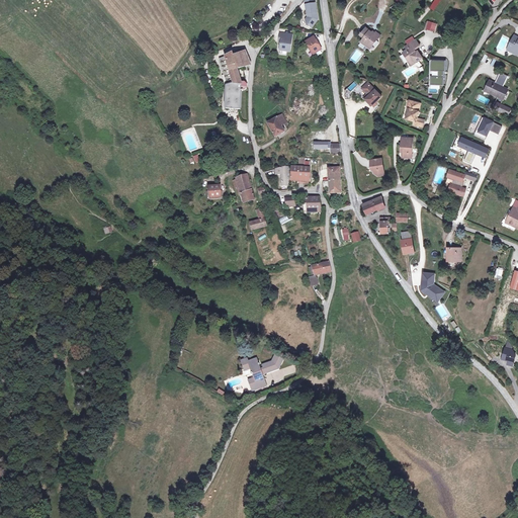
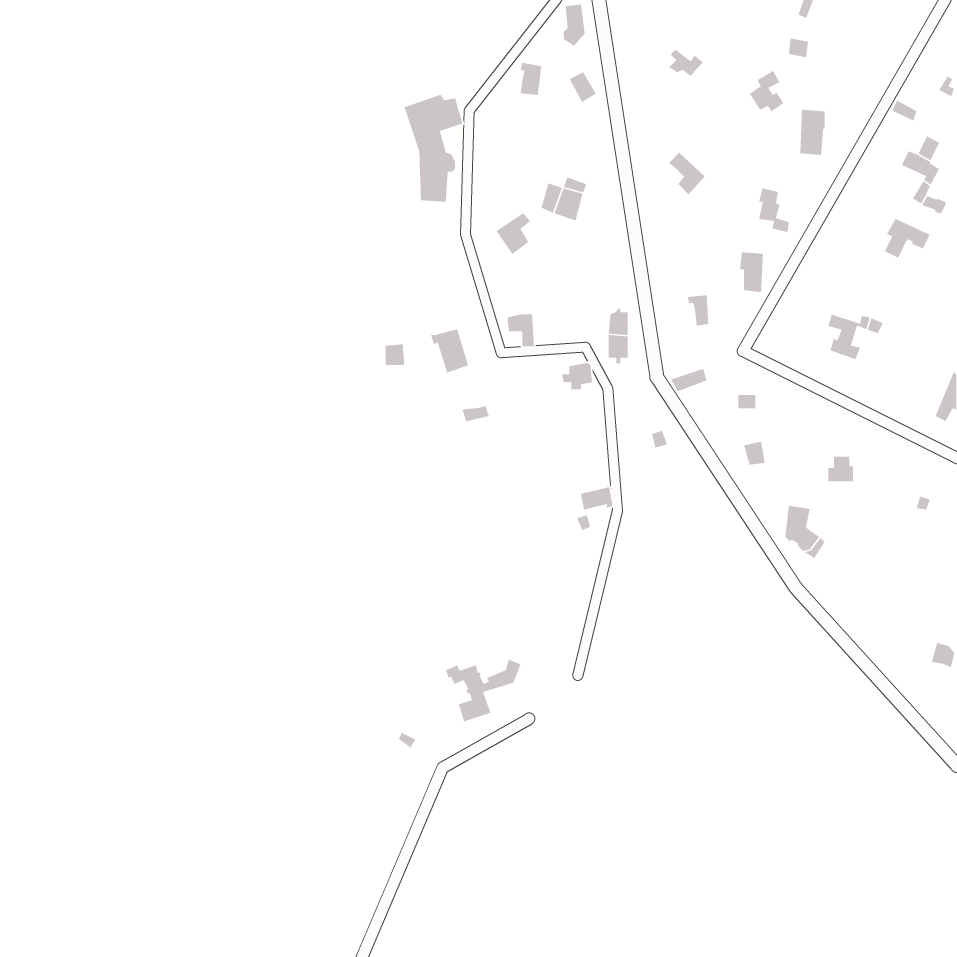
building: [456,136,489,163] -> none
building: [291,158,311,181] -> none

